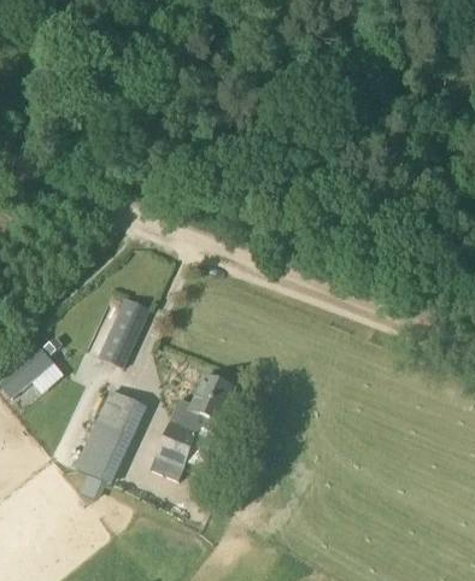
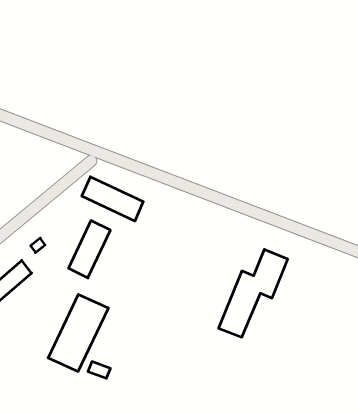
building: none -> [82,177,143,221]
building: [148,372,234,481] -> [219,249,288,337]

